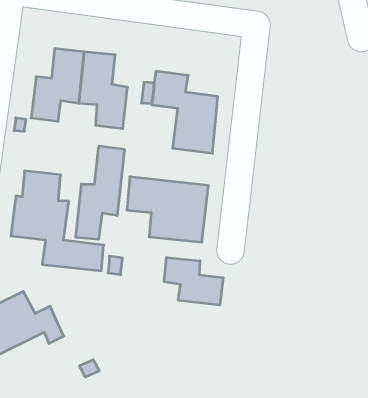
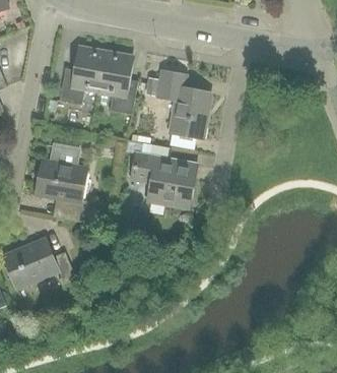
building: [76,146,124,239] -> none
building: [164,257,223,305] -> none

